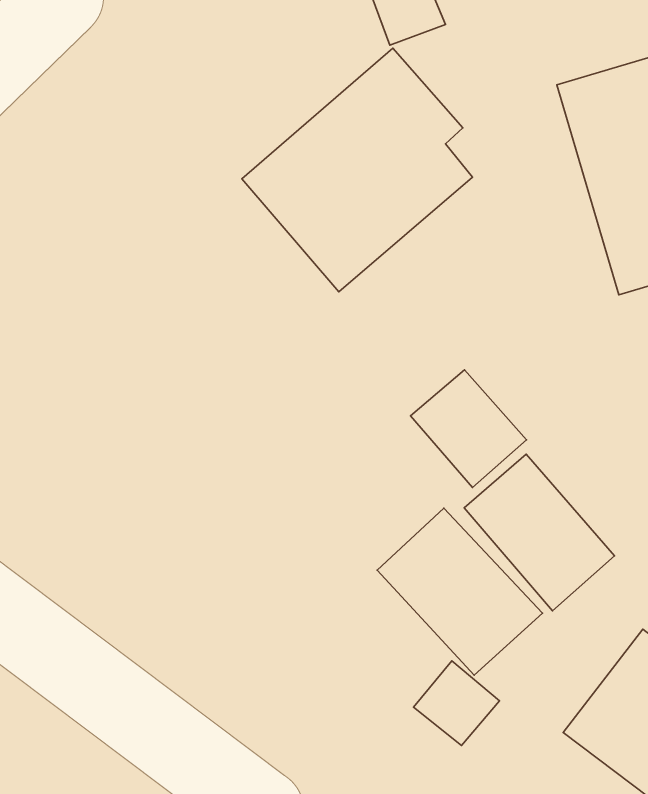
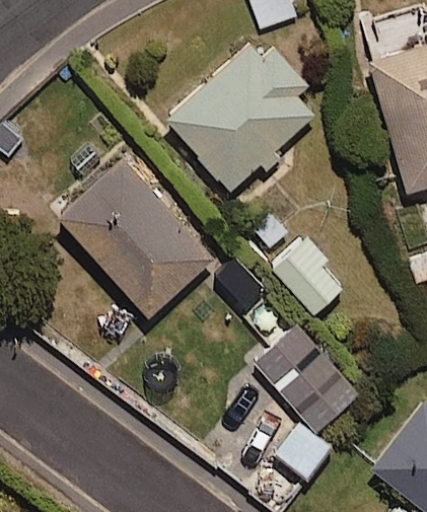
building: none -> [57,157,212,316]
building: [464,454,615,611] -> none

